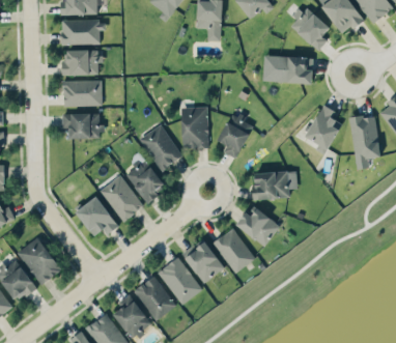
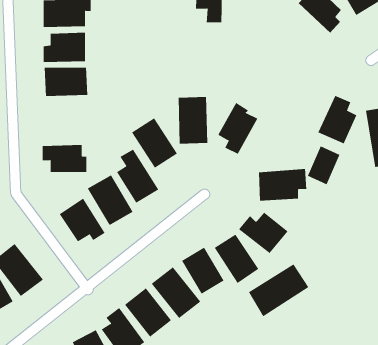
building: [262,55,313,83] -> none
building: [62,113,103,138] -> [42,145,87,172]
building: none -> [307,146,340,185]
building: none -> [248,264,309,317]

